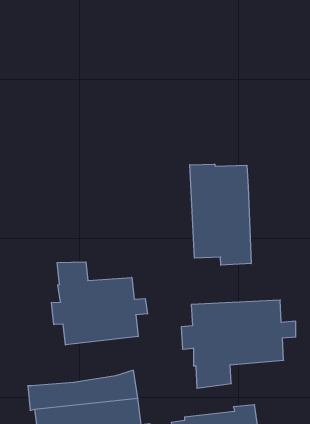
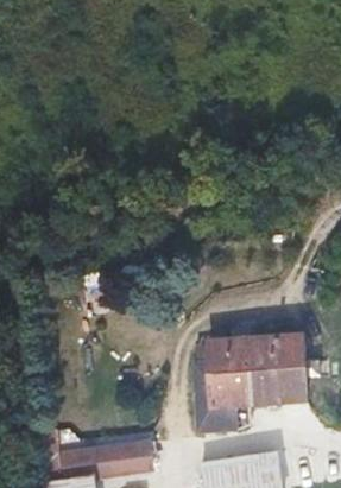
building: [190,164,251,265] -> none
building: [51,262,148,345] -> none

